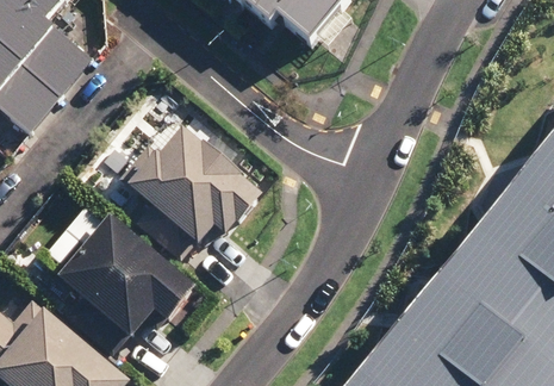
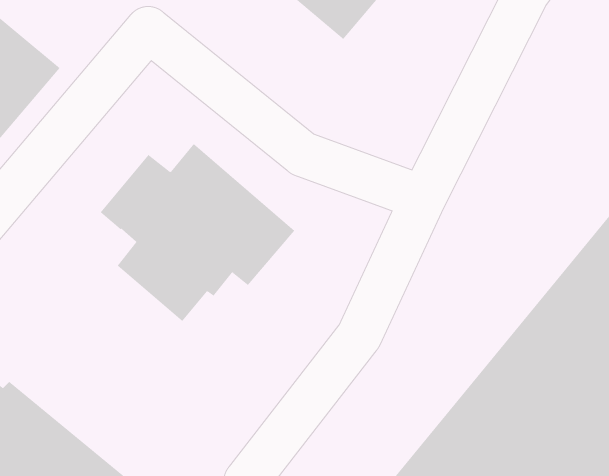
building: [57,214,204,357] -> none

